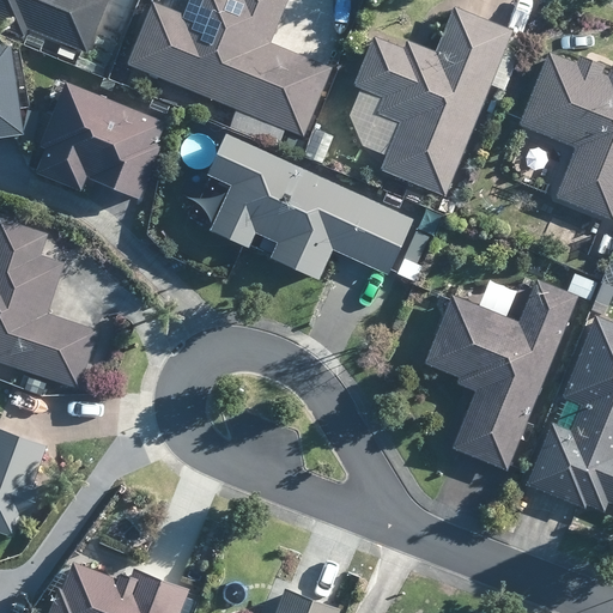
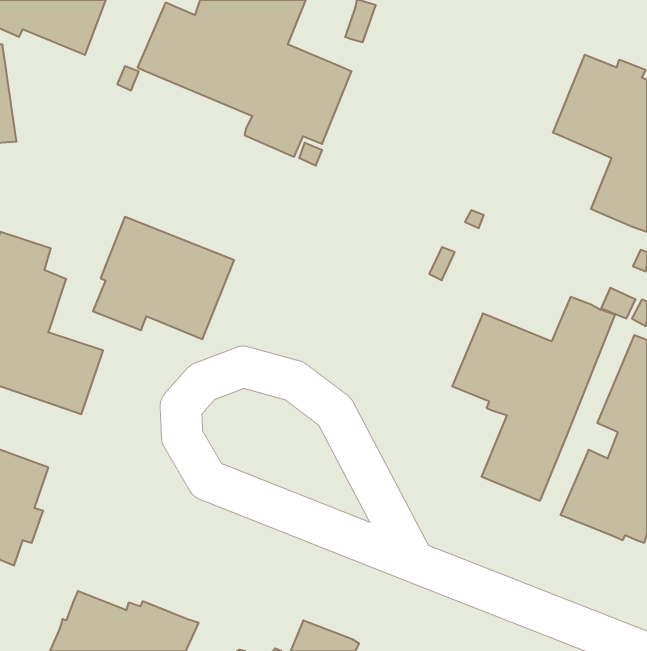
building: [356,7,512,195] -> none
building: [32,86,165,201] -> [93,217,234,339]
building: [212,134,413,280] -> none

